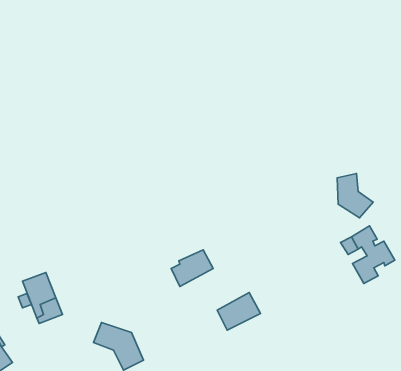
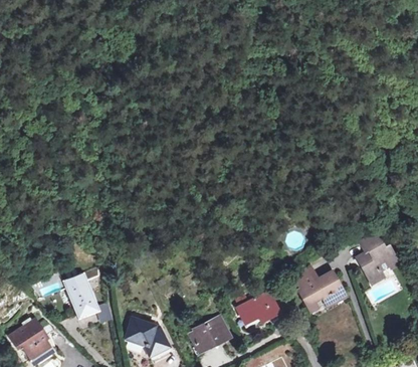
building: [337,174,373,218] -> none
building: [171,250,213,286] -> [192,317,230,350]
building: none -> [293,266,345,304]

